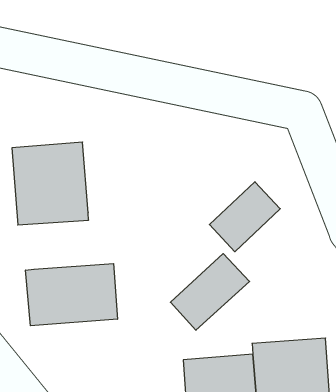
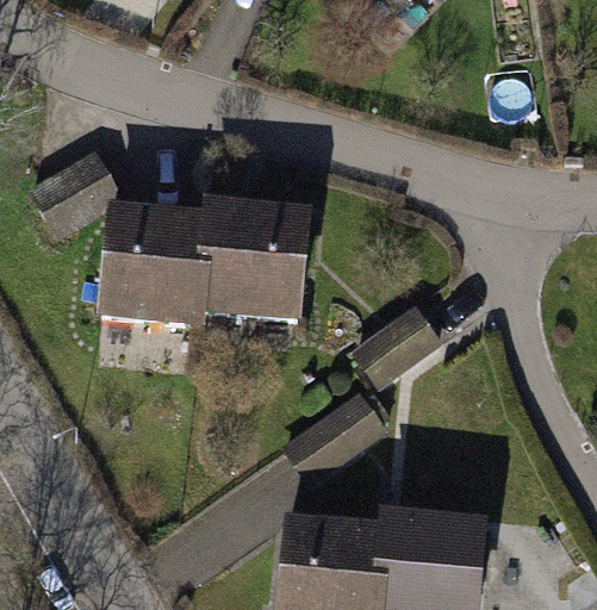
building: none -> [197,204,300,319]
building: [26,264,117,326] -> none

